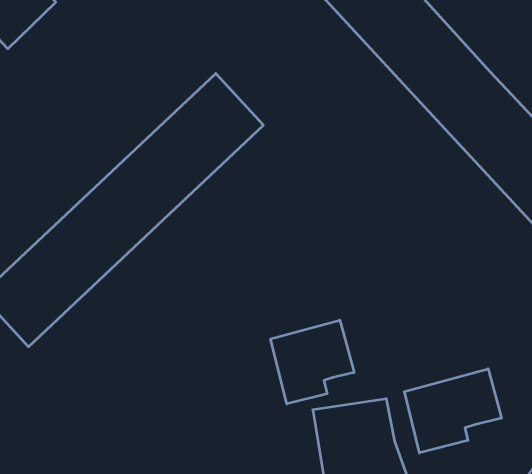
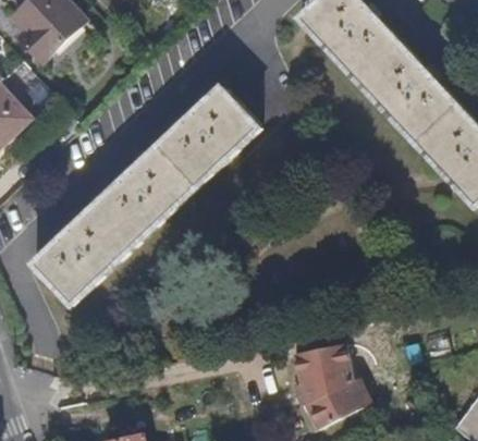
building: [271,320,354,404] -> none
building: [404,369,501,453] -> none

